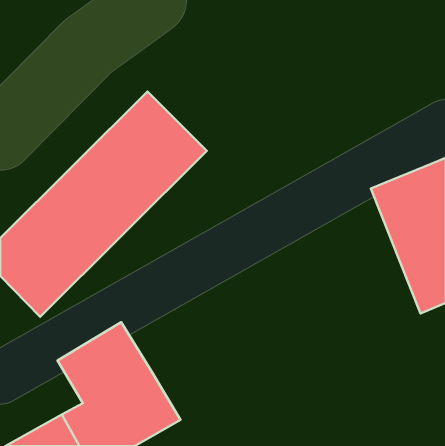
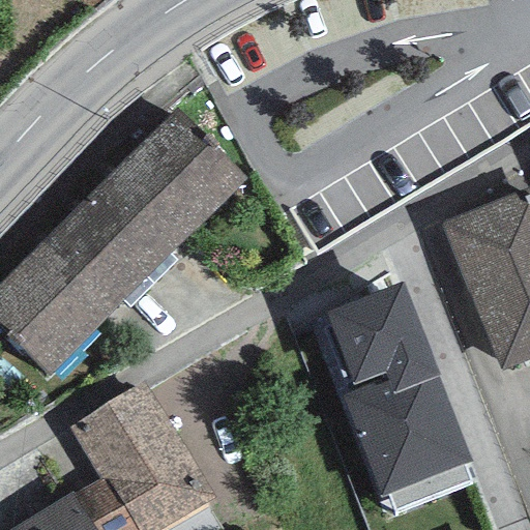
building: none -> [325,283,472,512]

